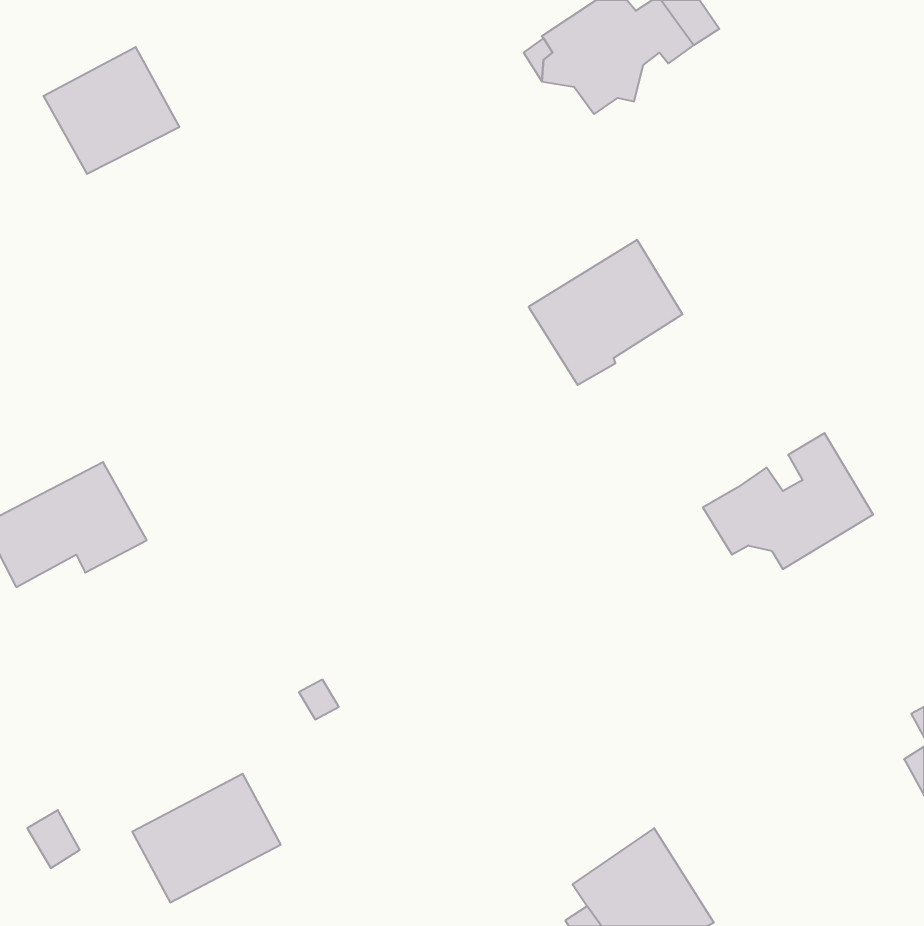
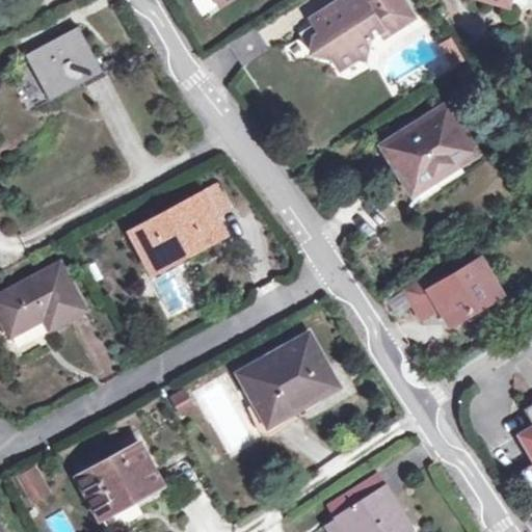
building: [529,240,683,385] -> [384,108,473,191]
building: none -> [129,193,225,275]
building: none -> [240,336,337,426]

